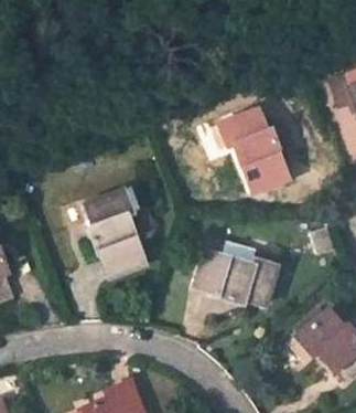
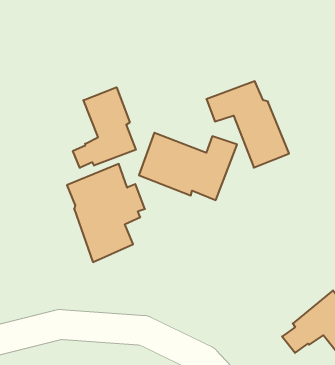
building: none -> [73,87,136,168]
building: [190,245,281,308] -> [139,133,237,200]

